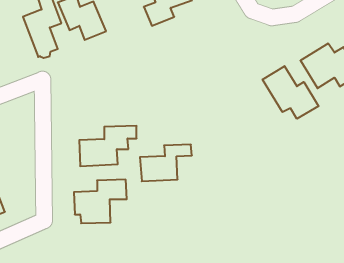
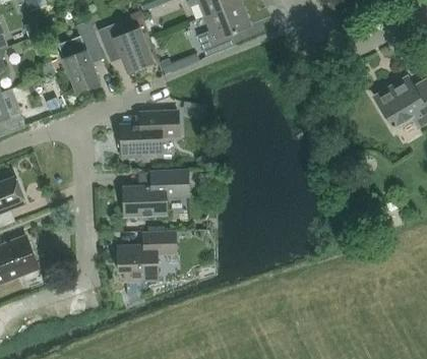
building: [263,66,319,119] -> none
building: [140,145,192,181] -> [120,112,179,154]

